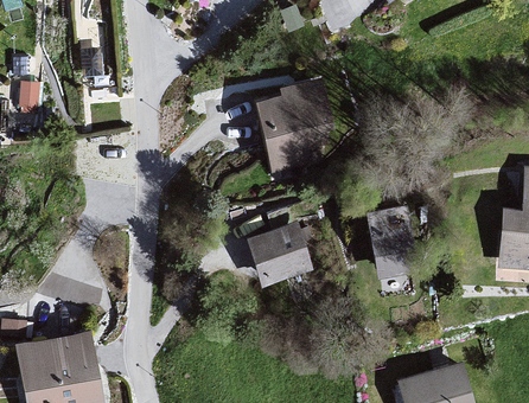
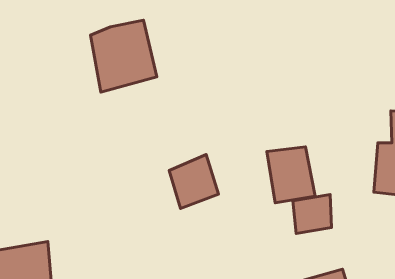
building: [254,83,337,173] -> [90,20,157,92]
building: none -> [293,195,332,234]

